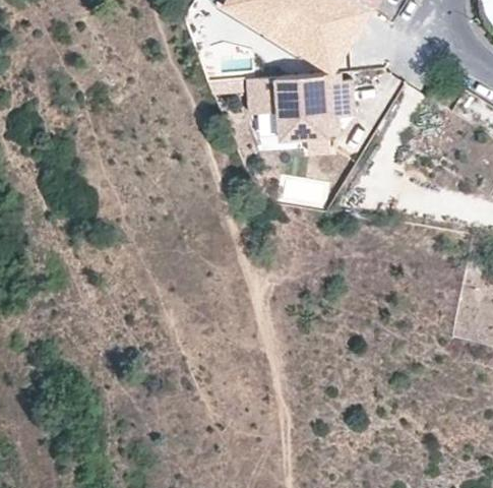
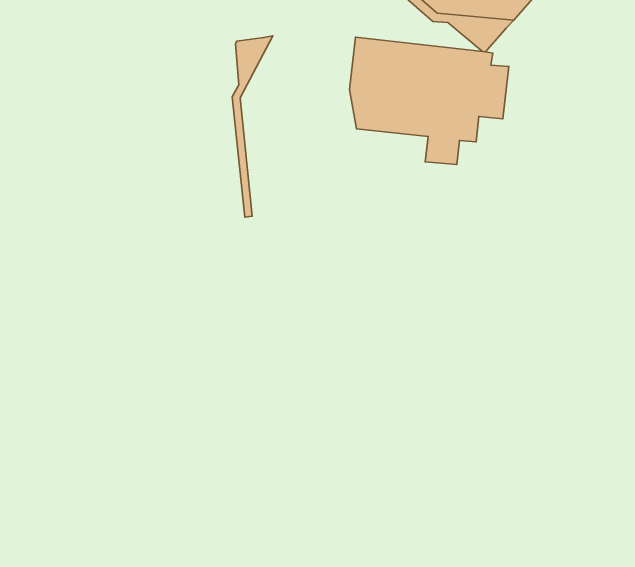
building: none -> [232,36,273,217]

